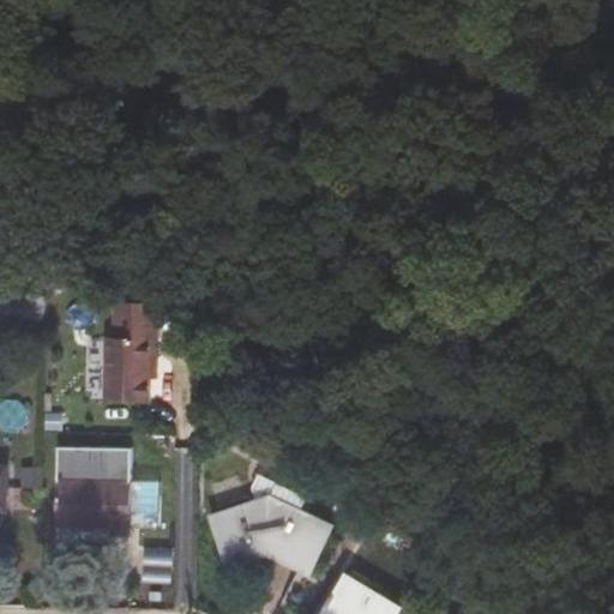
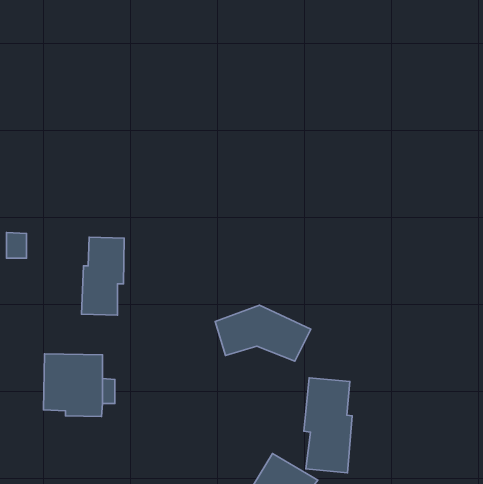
building: none -> [304,378,352,473]
building: [211,495,332,566] -> [215,305,311,361]

